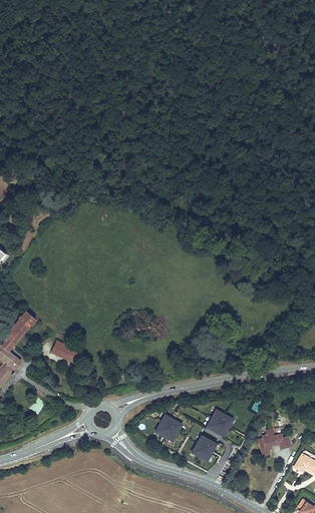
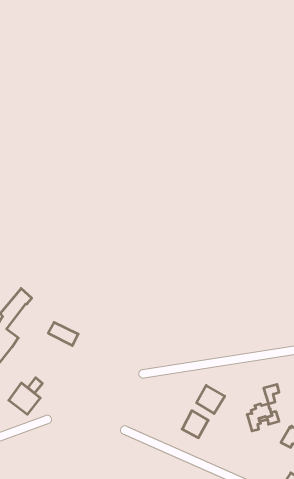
building: none -> [9,383,40,414]
building: [156,415,185,443] -> none

